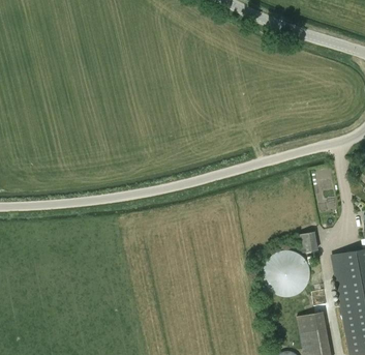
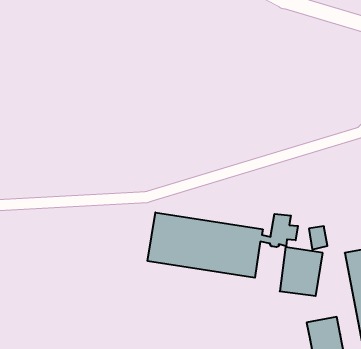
building: none -> [148,212,298,278]

